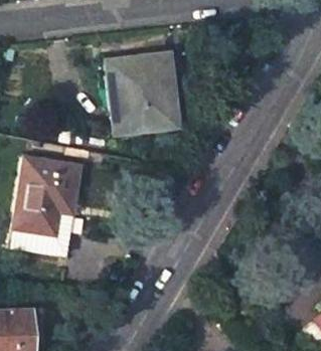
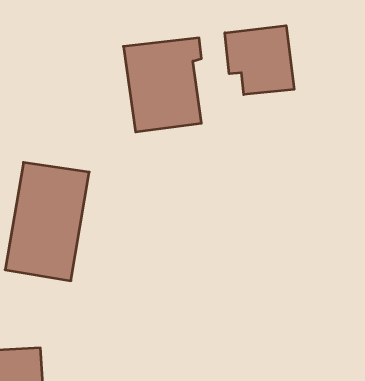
building: none -> [225,26,294,95]

